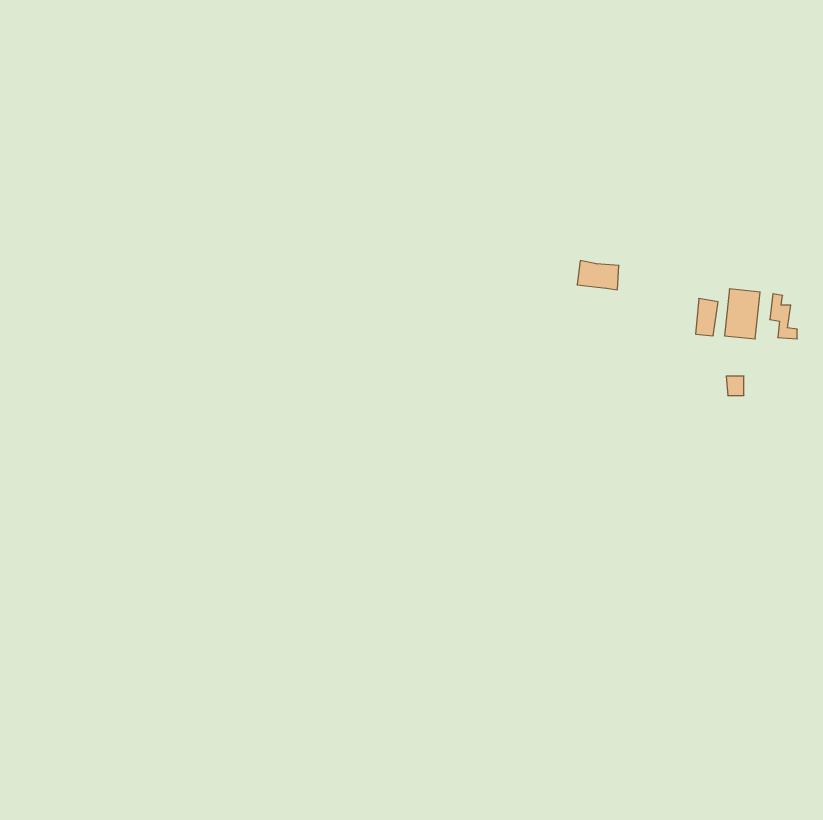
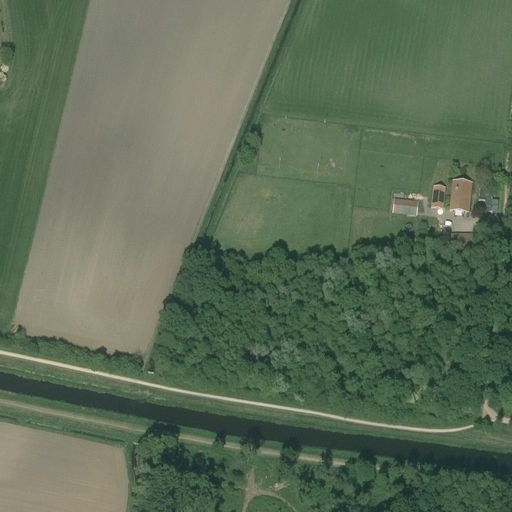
building: [577,261,619,290] -> [393,197,419,215]

